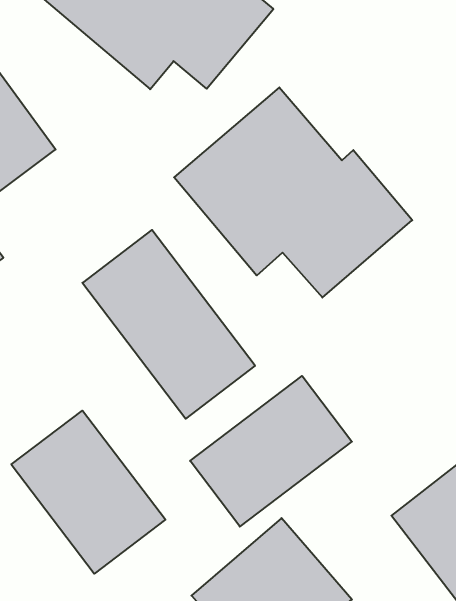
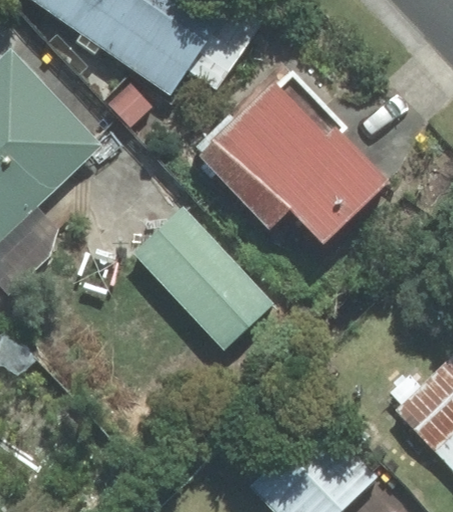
building: [190,376,352,527] -> none
building: [11,411,165,574] -> none

